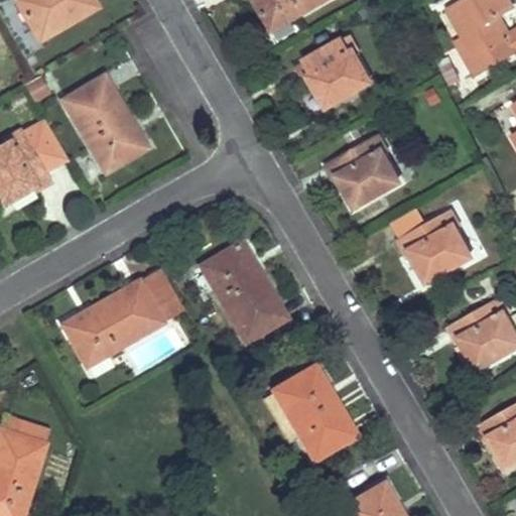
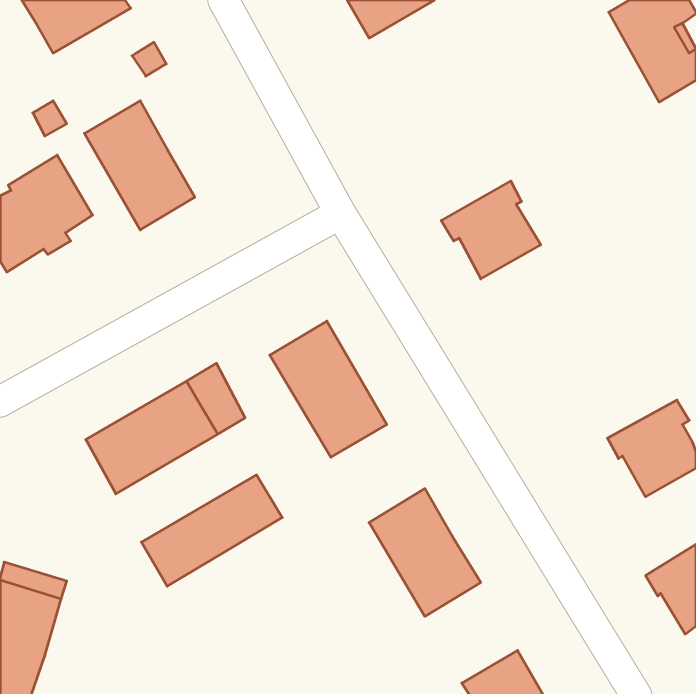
building: [297,35,370,107] -> none
building: [400,210,473,282] -> none
building: none -> [141,475,282,586]

